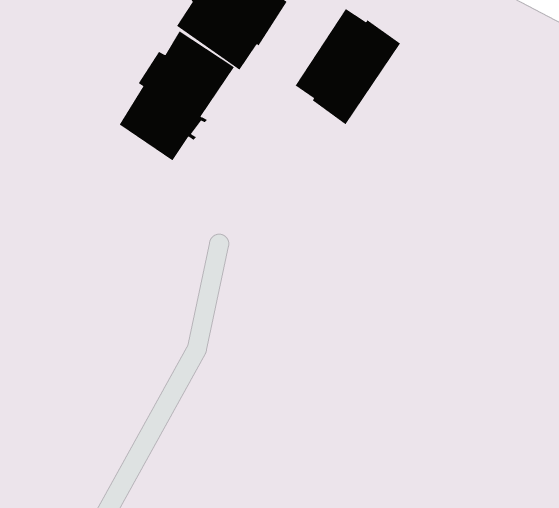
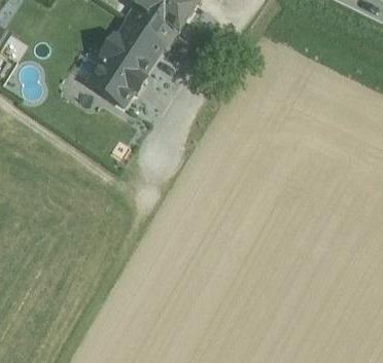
building: [295,8,401,125] -> none

